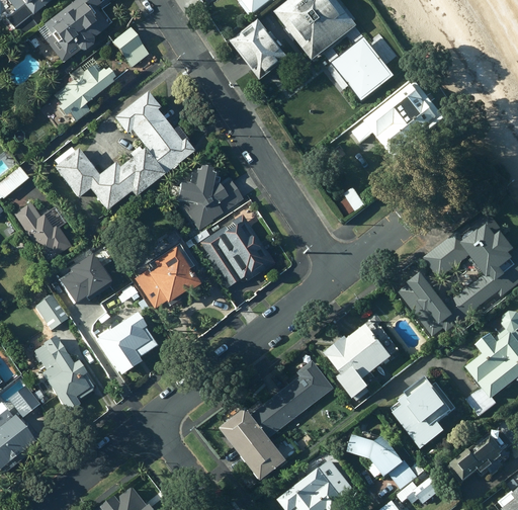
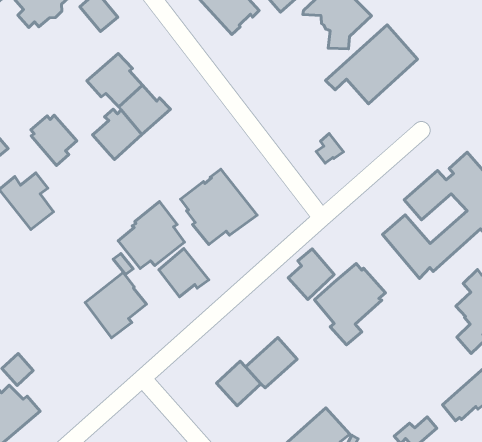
building: [58,63,114,121] -> none
building: [86,162,131,210] -> none
building: [177,165,241,231] -> none
building: [58,251,110,299] -> none
building: none -> [159,249,209,297]
building: [33,293,67,329] -> none
building: [32,336,92,412] -> none
building: [286,359,333,410] -> [288,249,334,300]
building: [392,375,457,449] -> none
building: [241,432,288,481] -> none
building: [349,435,424,489] -> none

